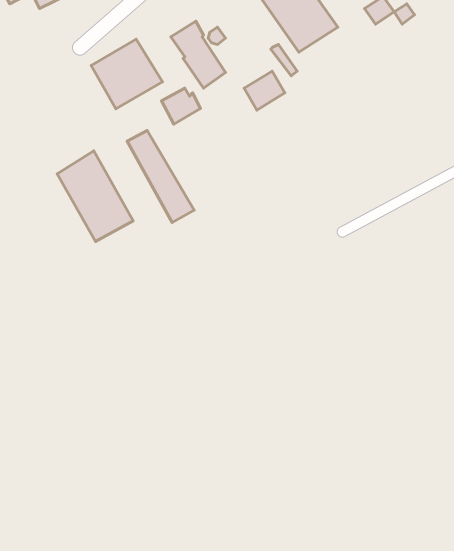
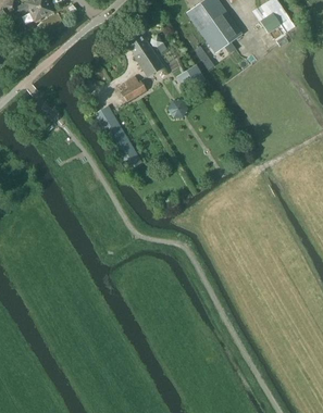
building: [91,39,162,109] -> none
building: [57,151,133,242] -> none

